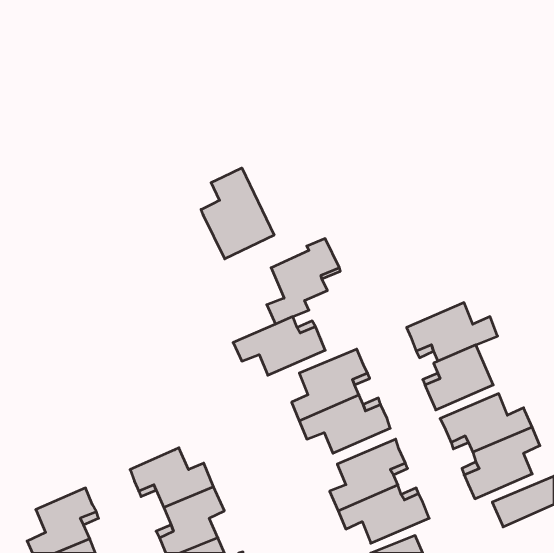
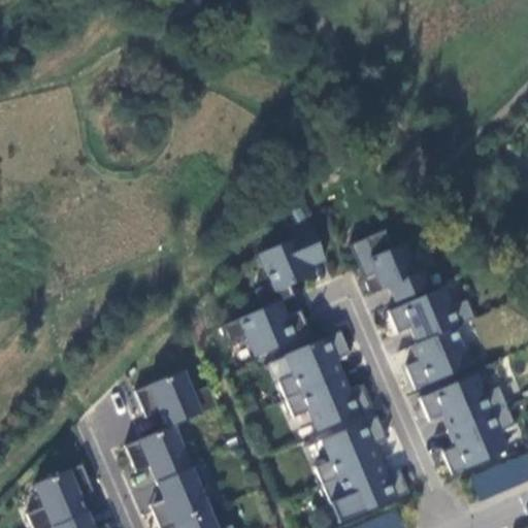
building: [201,168,274,259] -> none
building: none -> [362,230,428,302]
building: none -> [133,371,218,428]

